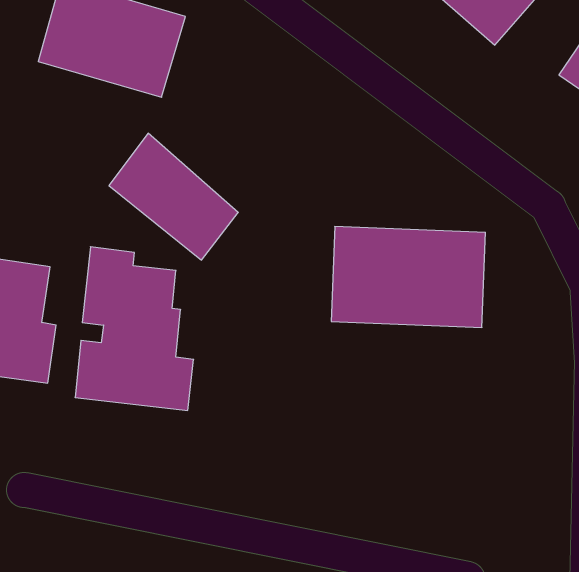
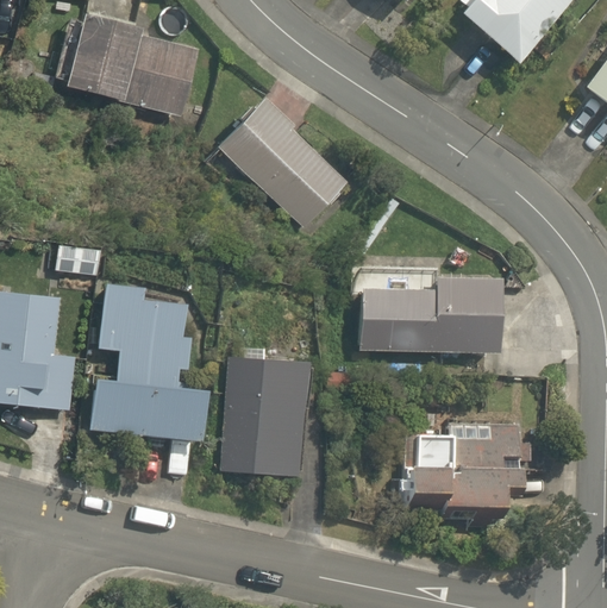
building: [109,133,238,260] -> [219,101,349,228]
building: none -> [220,355,311,475]
building: none -> [401,415,530,509]

